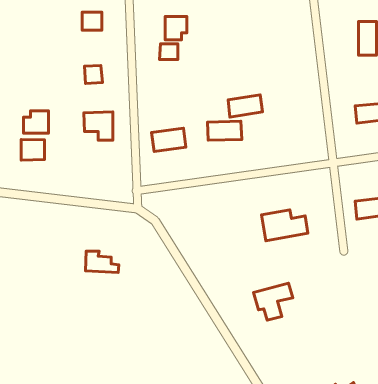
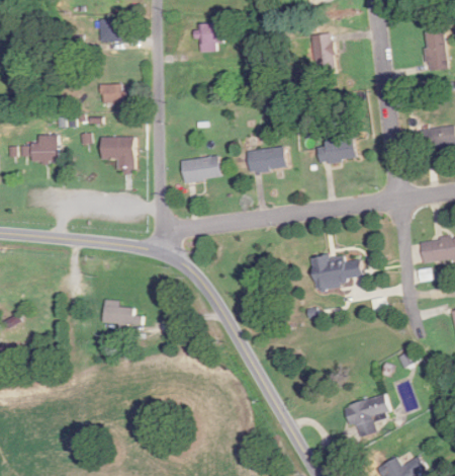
building: none -> [311,34,333,75]
building: [160,44,178,59] -> none
building: [228,95,263,117] -> [316,138,357,164]
building: [21,139,44,160] -> none
building: [253,283,293,320] -> [343,394,389,438]

